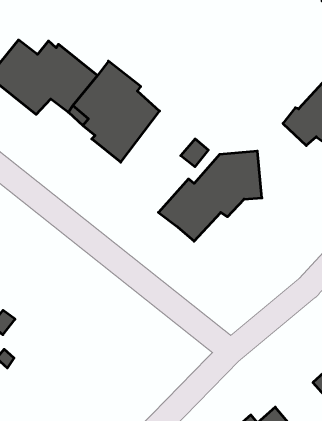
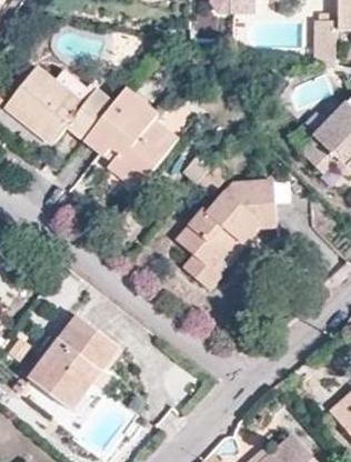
building: none -> [181,240,244,289]
building: none -> [28,318,116,402]

